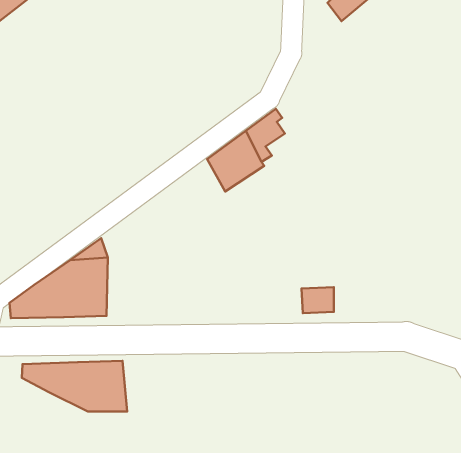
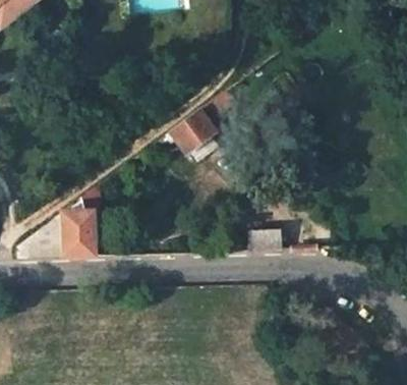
building: [22,361,127,412] -> none

